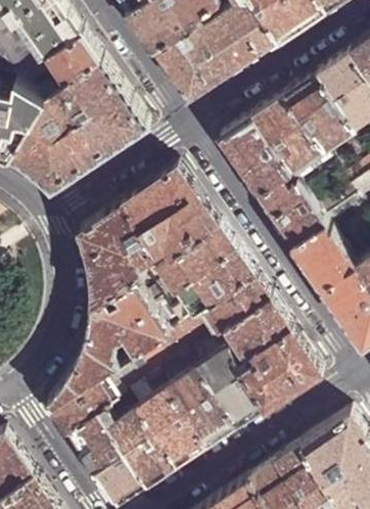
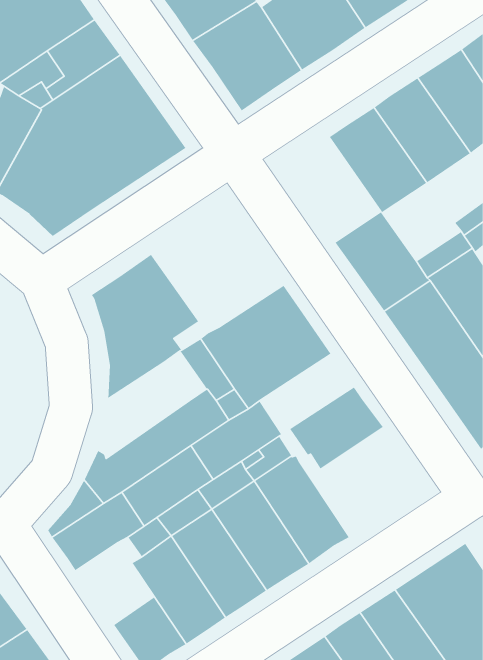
building: [218,121,289,197] -> none
building: [123,170,219,259] -> none
building: [201,278,270,336] -> none
building: [84,284,150,354] -> none
building: [238,331,322,411] -> none
building: [67,415,125,475] -> none

